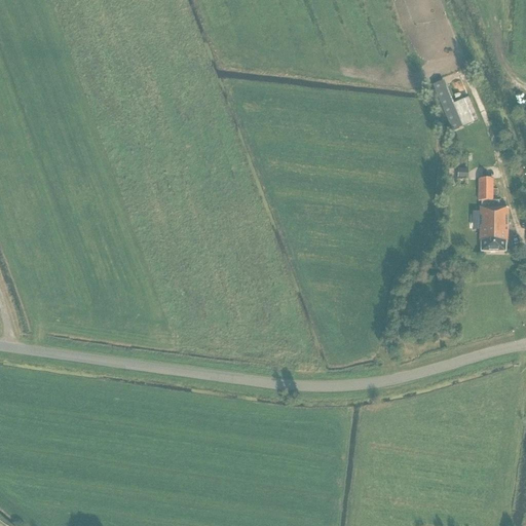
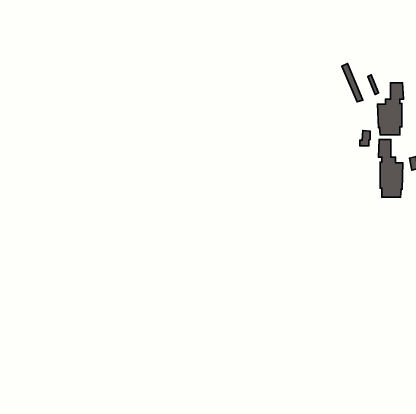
building: none -> [378,83,403,135]

